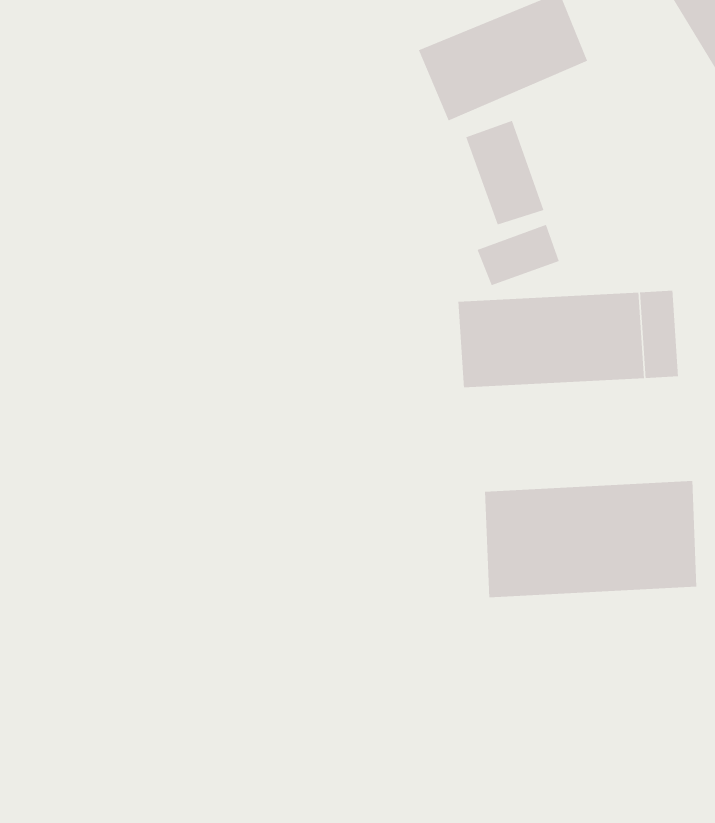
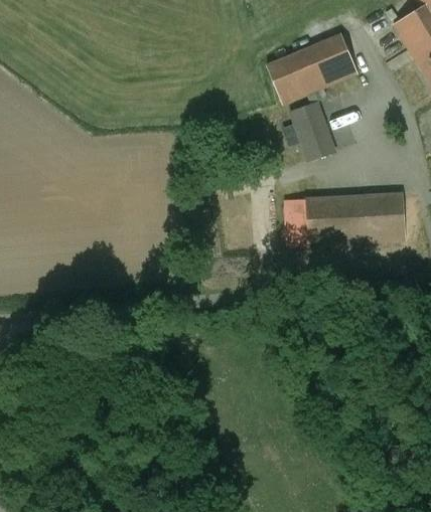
building: [476,224,560,286] -> none
building: [484,480,697,598] -> none

